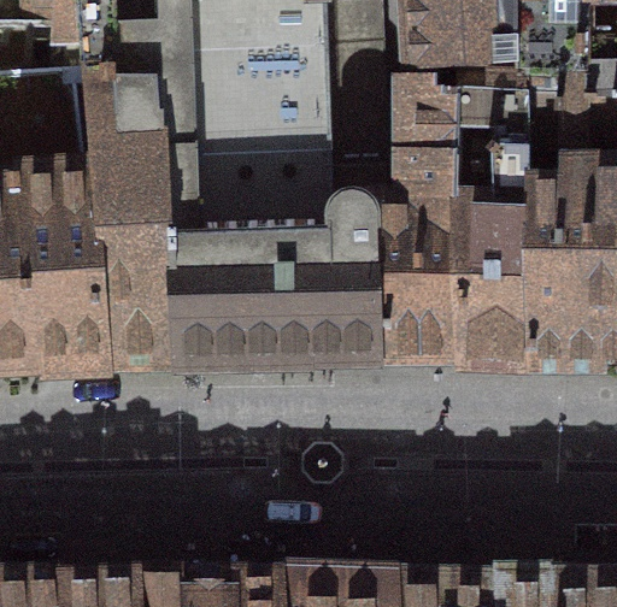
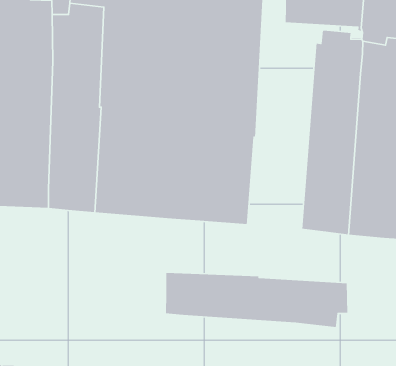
building: [375,76,453,354] -> none
building: none -> [165,272,348,328]

